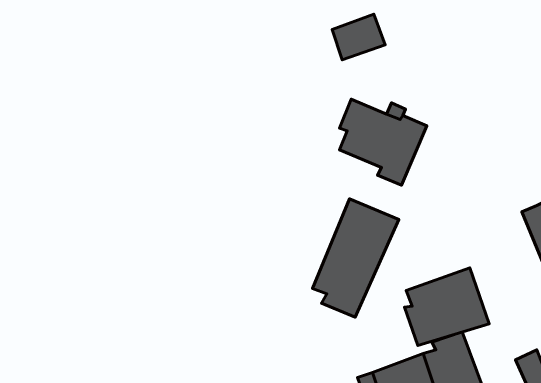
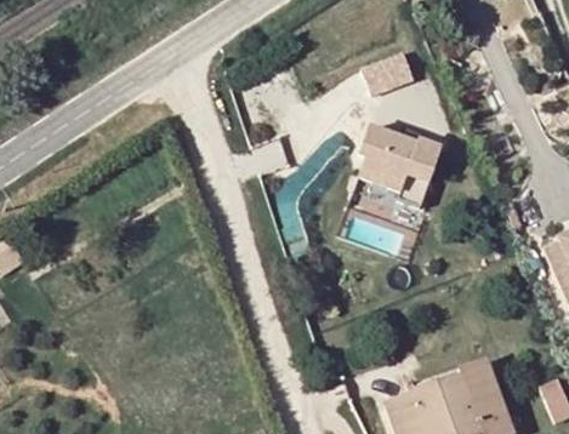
building: [313,199,399,317] -> none
building: [404,268,489,345] -> none

